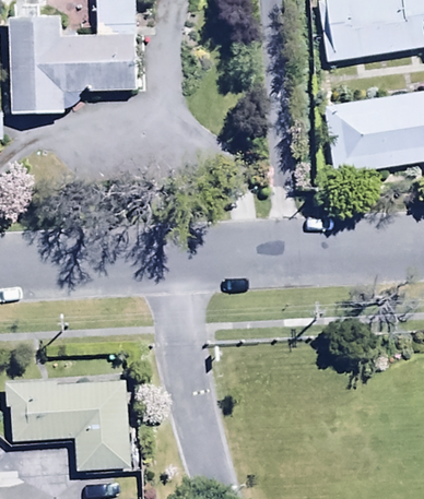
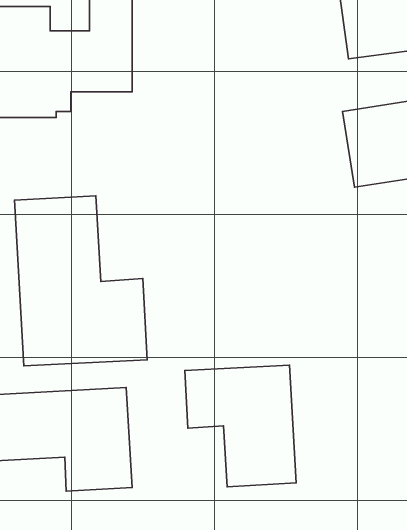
building: none -> [15,196,147,366]
building: none -> [185,365,296,487]

